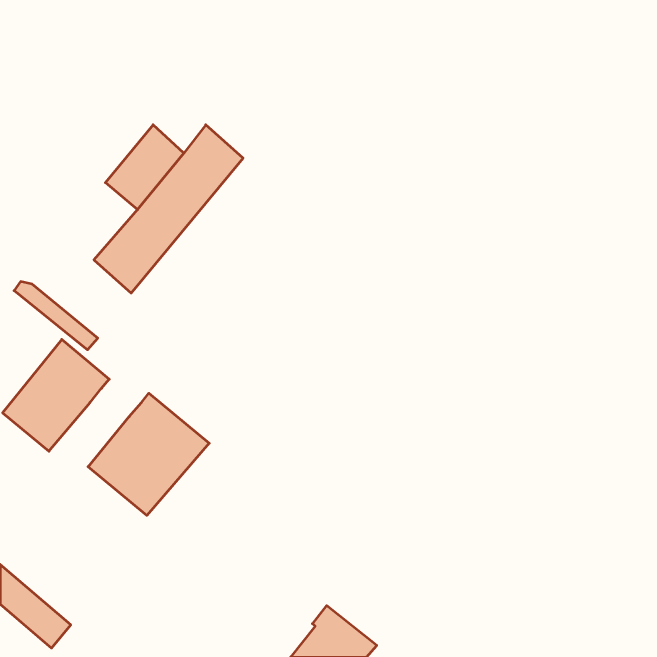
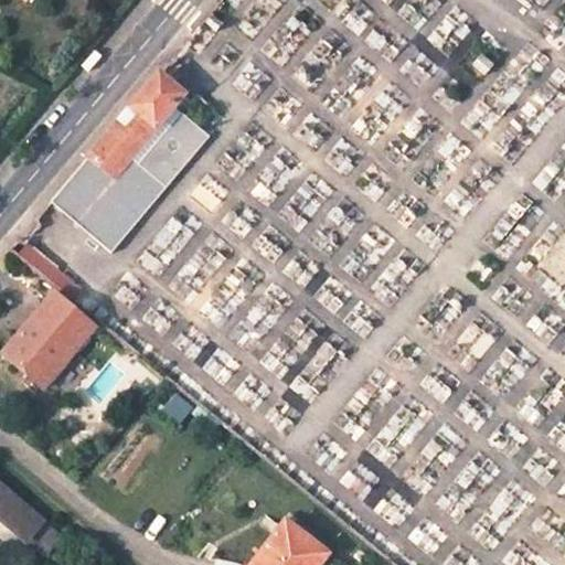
building: none -> [131,70,189,131]
building: none -> [53,157,118,223]
building: [88,393,209,515] -> none

